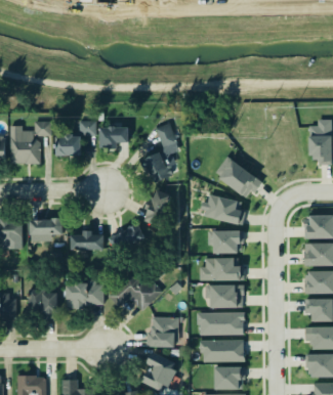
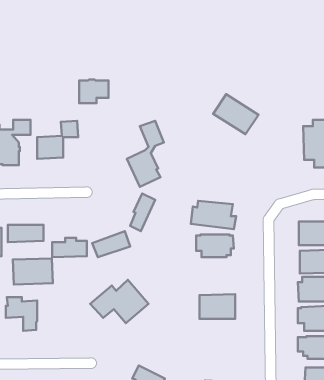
building: [99,123,127,145] -> [79,79,109,103]
building: [218,161,261,199] -> [213,94,259,134]
building: [199,258,244,280] -> none
building: [66,282,103,307] -> [13,258,53,284]
building: [195,311,243,334] -> none
building: [144,315,177,345] -> none
building: [198,338,243,361] -> none

